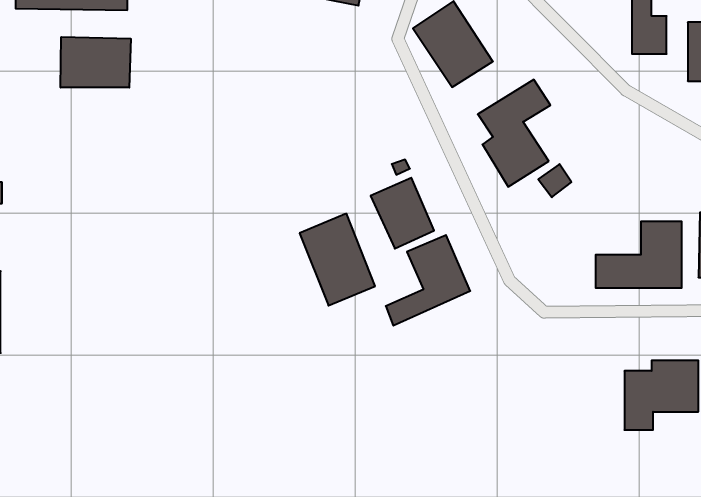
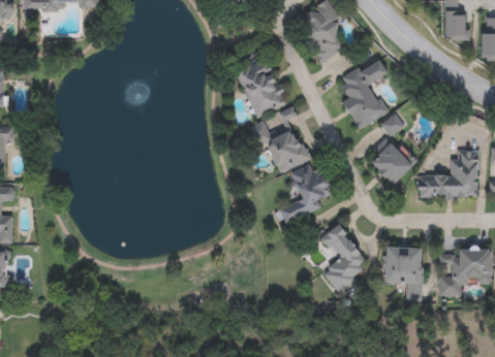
building: [61,37,131,88] -> none
building: none -> [370,141,414,185]
building: [300,214,375,306] -> [235,55,286,118]
building: none -> [321,224,371,291]
building: none -> [385,247,422,286]

